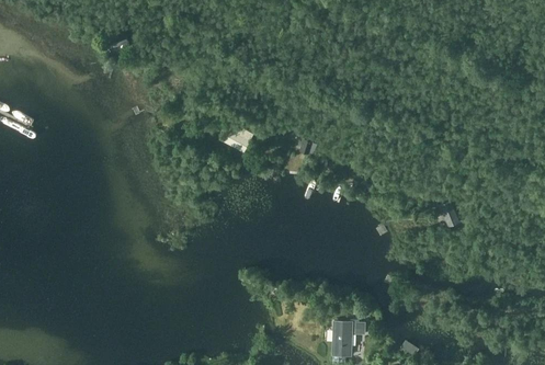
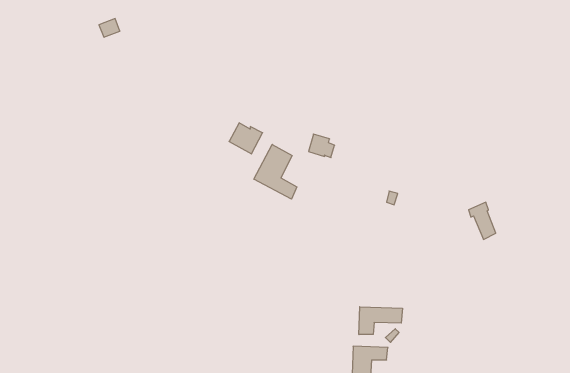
building: none -> [254,144,297,199]
building: none -> [359,307,402,335]

